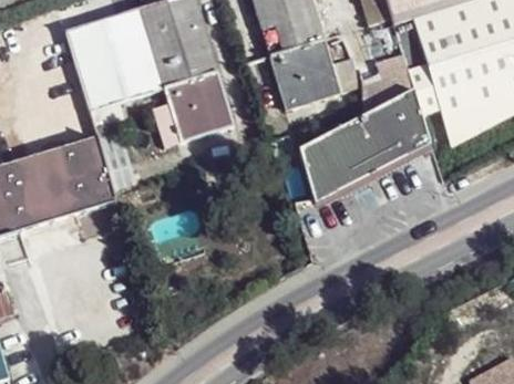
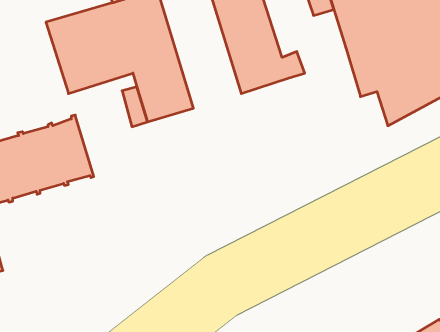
building: [304,58,431,215] -> none

